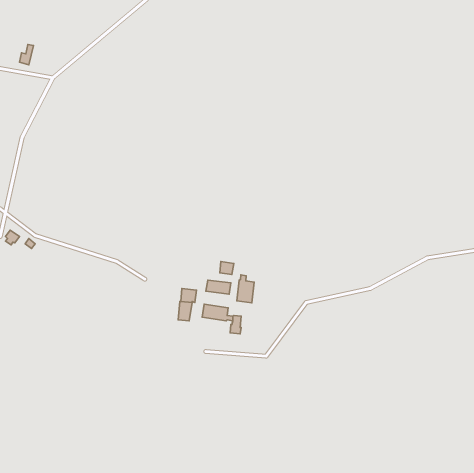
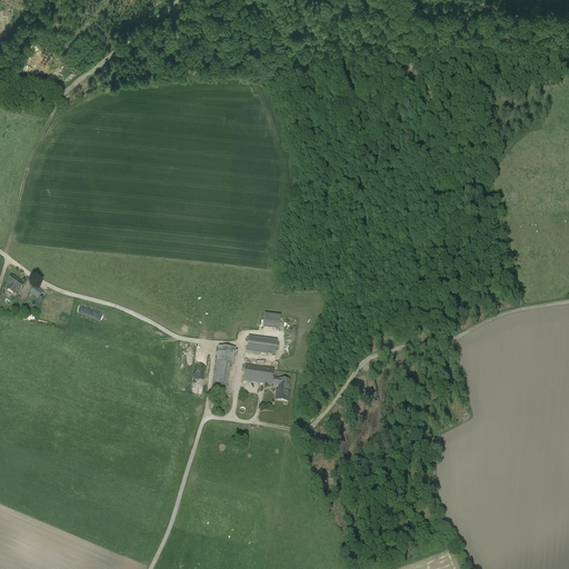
building: [237,275,254,303] -> none

